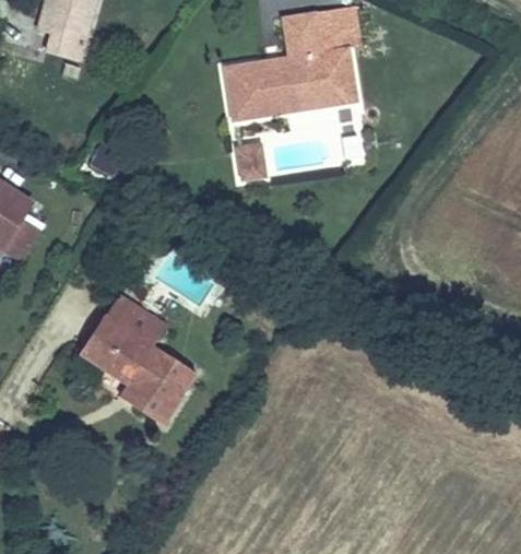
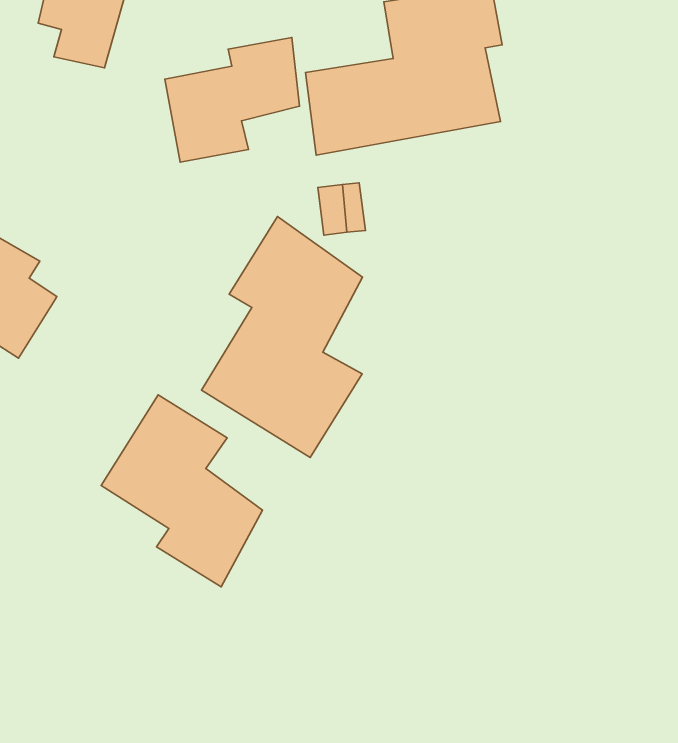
building: none -> [165,38,300,162]
building: none -> [202,217,363,457]

